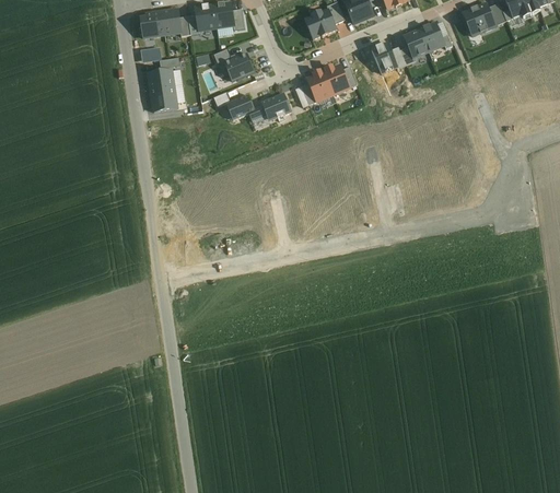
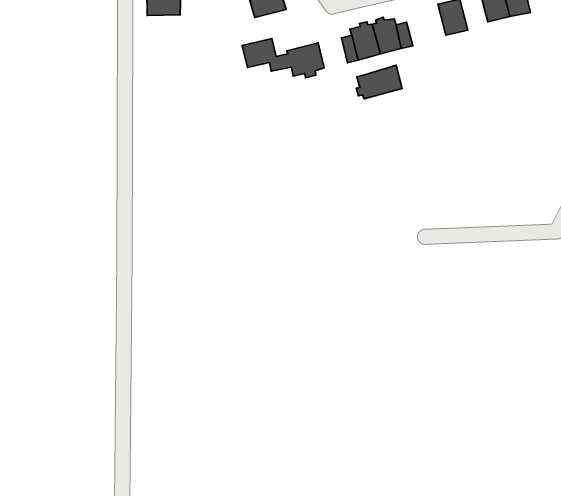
building: [150,87,178,110] -> none
building: none -> [356,65,402,99]

